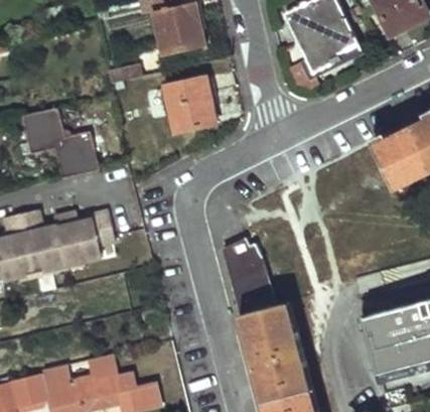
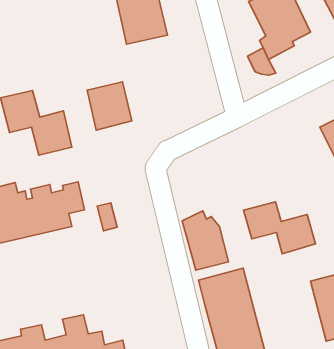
building: [161,79,210,132] -> [87,82,132,130]
building: none -> [243,202,315,254]

